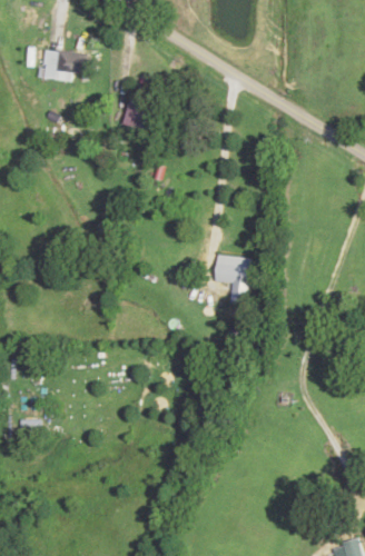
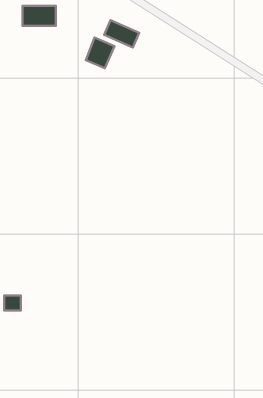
building: none -> [104,20,139,47]
building: [211,255,249,304] -> none

